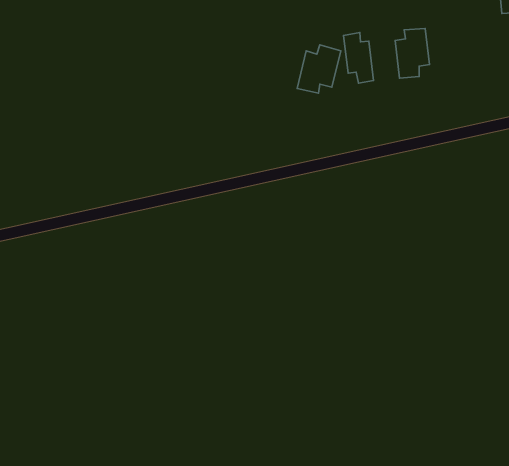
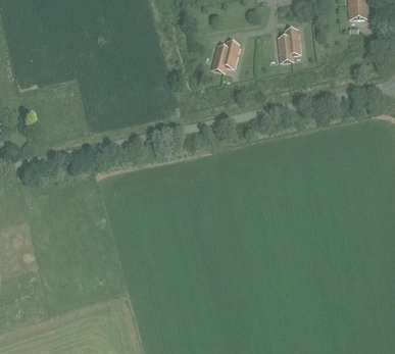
building: [344,32,373,83] -> none

